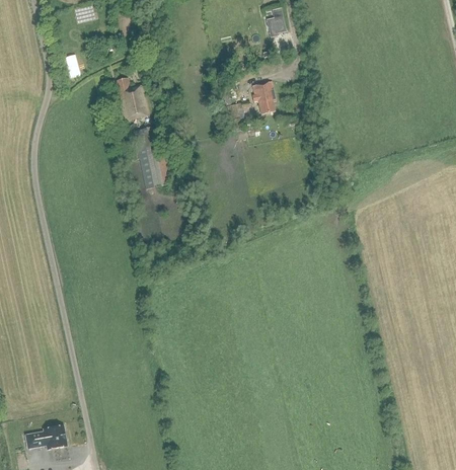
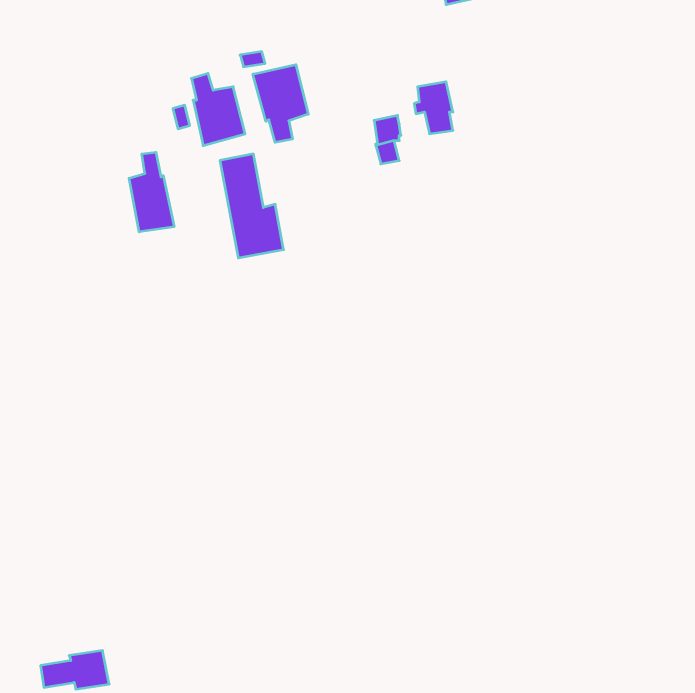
building: none -> [253,65,308,142]
building: none -> [129,152,174,232]

